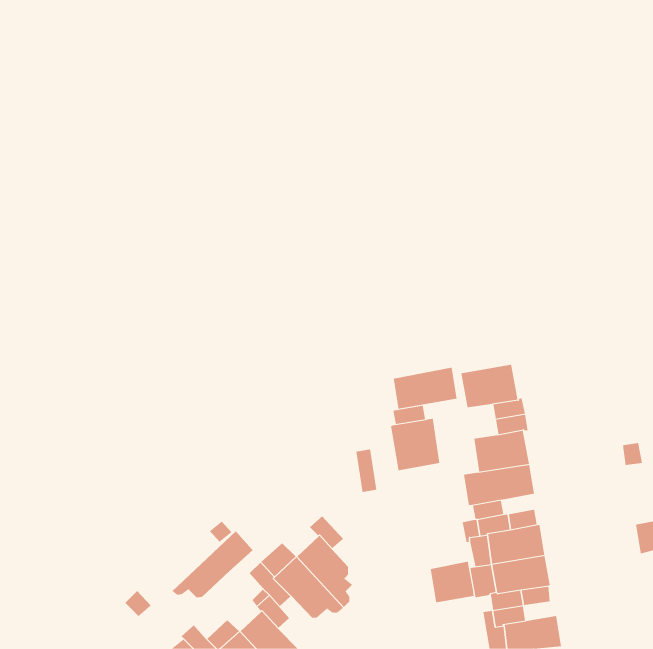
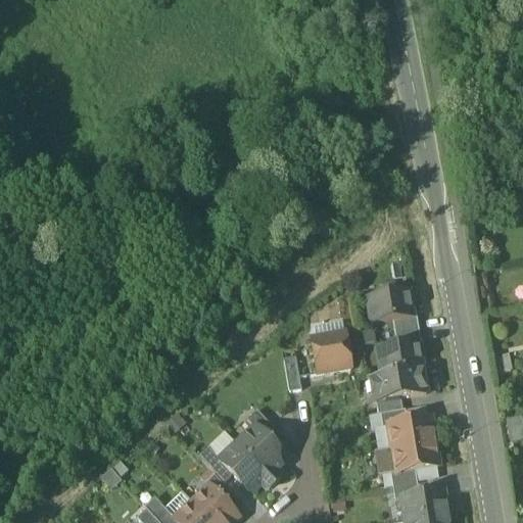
building: [393,367,457,410] -> none
building: [171,531,254,598] -> none
building: [430,561,474,603] -> none

